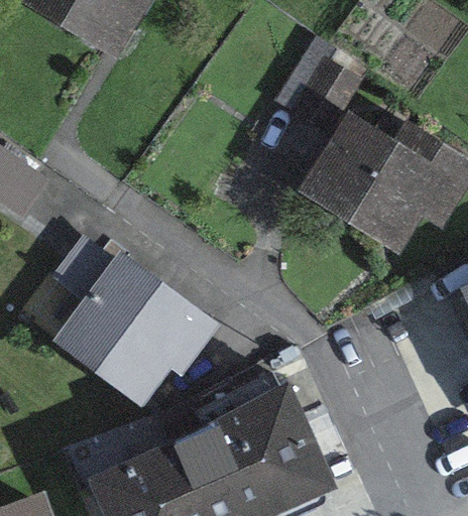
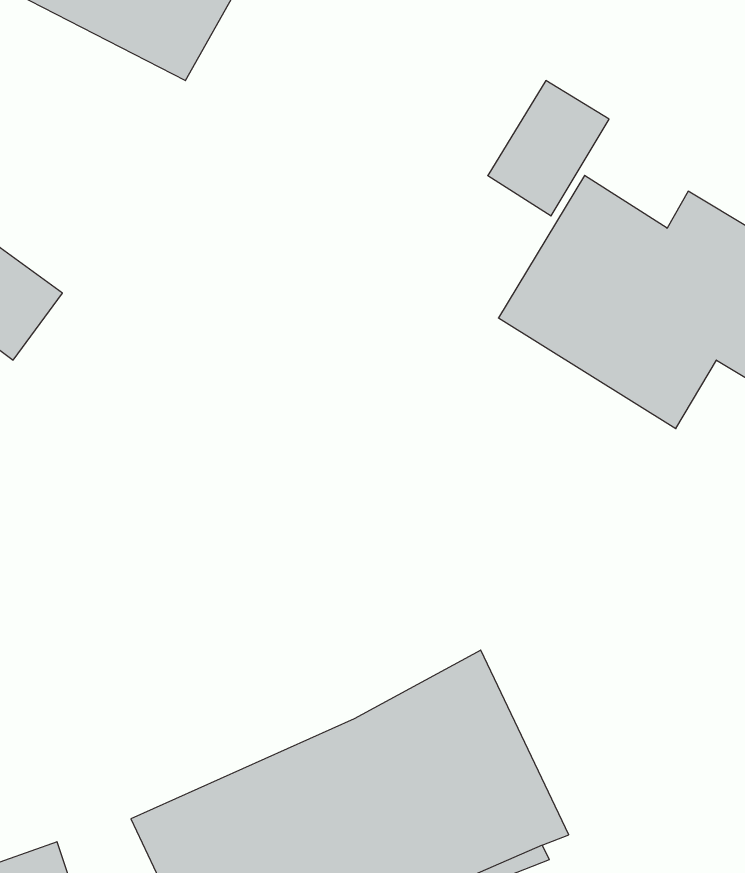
building: [50,235,219,408] -> none

